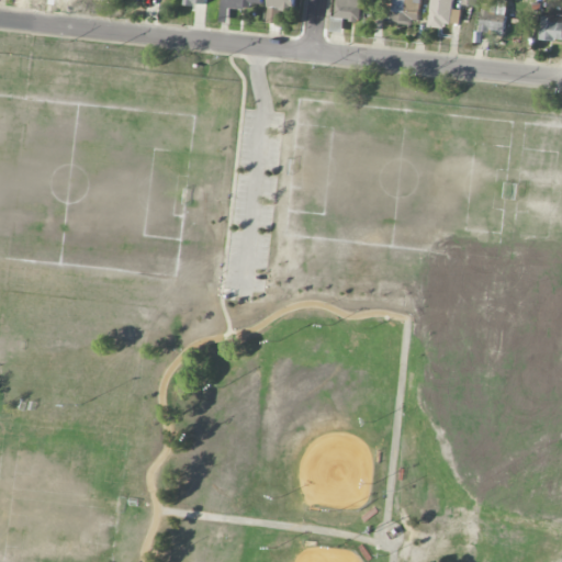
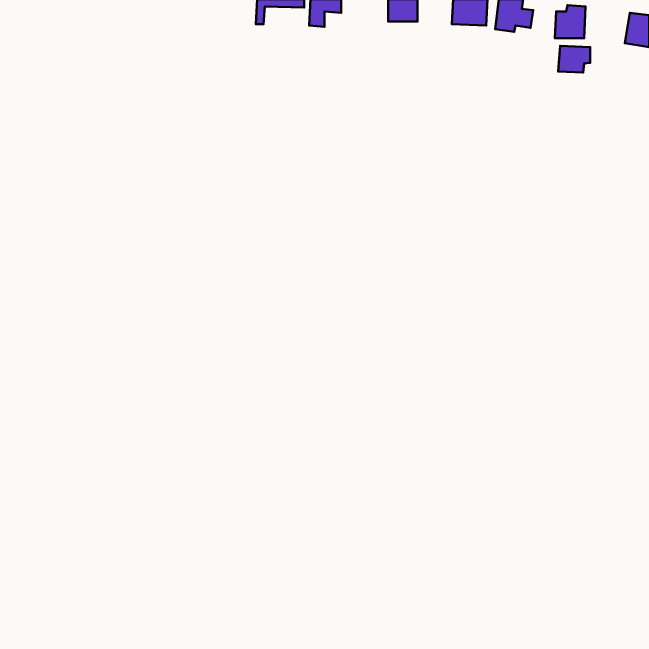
building: none -> [558,46,590,72]

